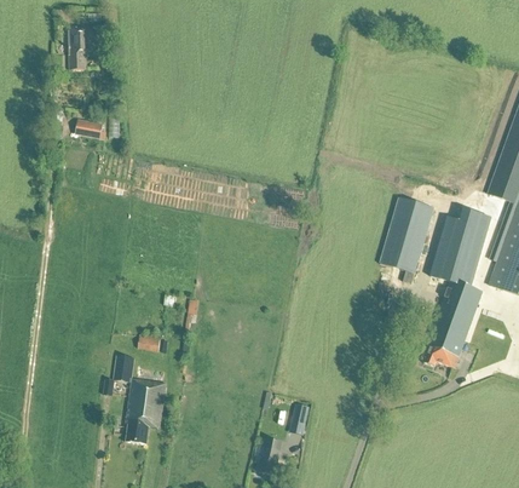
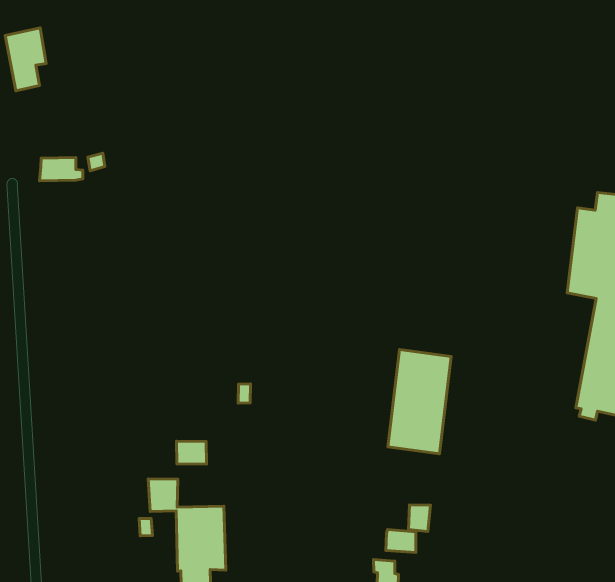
building: [379,196,433,274] -> [388,349,451,454]

